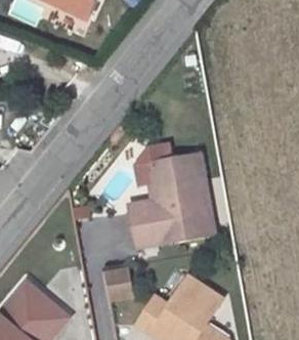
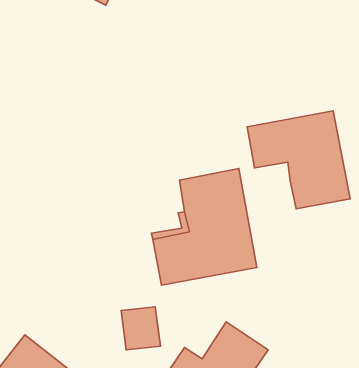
building: none -> [247,111,350,209]

